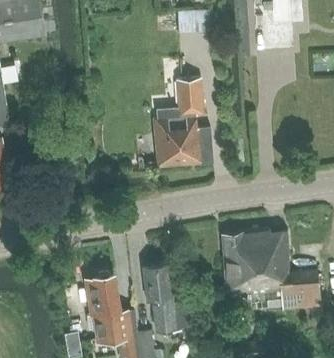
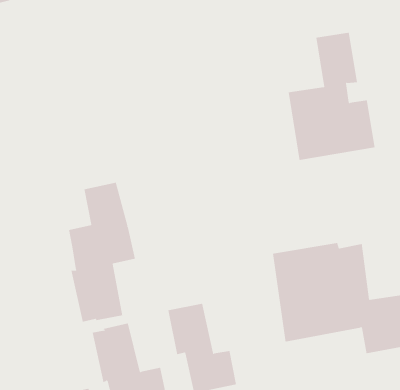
building: [153,76,213,166] -> [288,32,375,160]
building: none -> [69,182,135,323]

